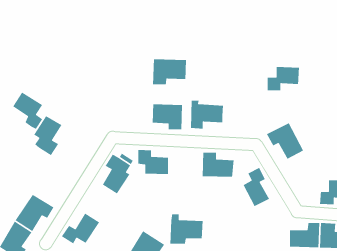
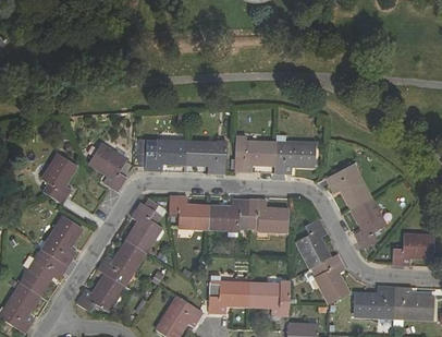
building: [152,59,187,85] -> [145,139,187,171]
building: [267,66,300,91] -> [273,143,314,173]
building: [12,91,43,130] -> [88,145,126,192]
building: none -> [207,198,248,230]
building: none -> [352,198,385,249]
building: none -> [40,216,83,267]
building: none -> [97,240,144,286]
building: none -> [311,254,346,298]
building: none -> [248,281,288,315]

